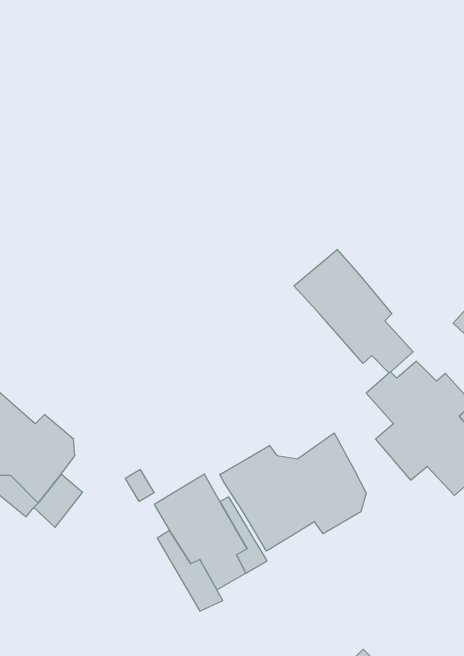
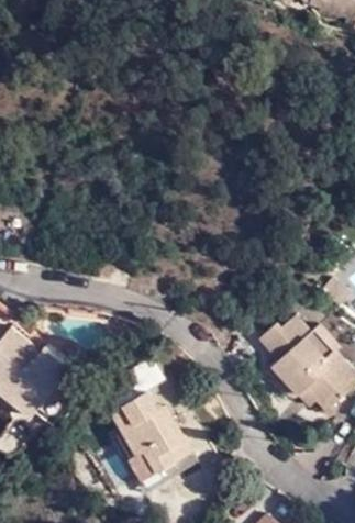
building: [294,249,413,373] -> none
building: [220,433,366,551] -> none

